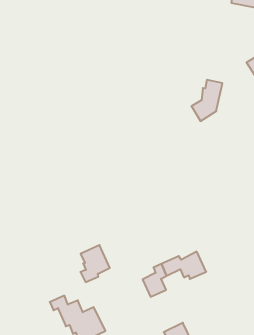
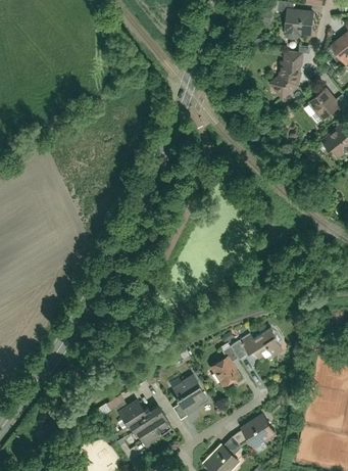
building: [191,80,222,121] -> [268,51,302,100]
building: [80,245,110,282] -> [170,375,206,420]

